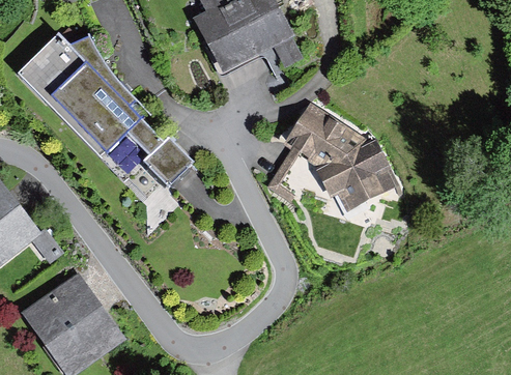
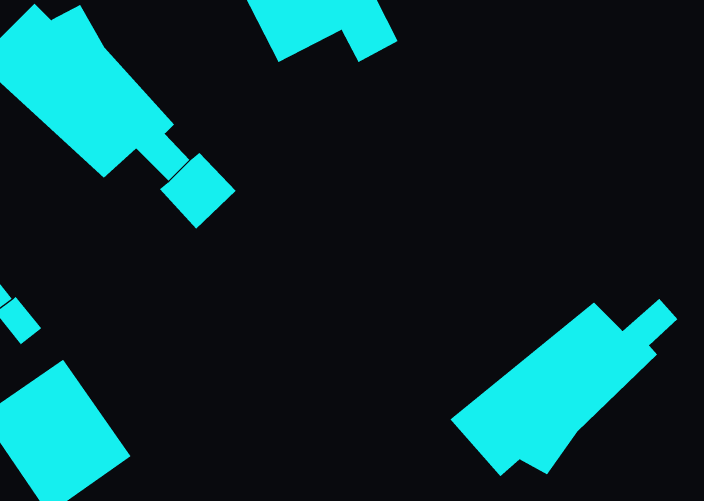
building: [282,102,397,211] -> none
building: none -> [449,298,678,477]

